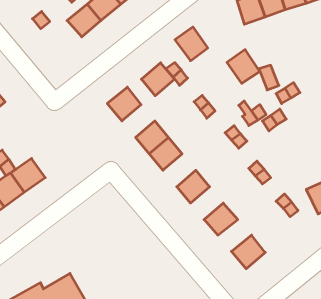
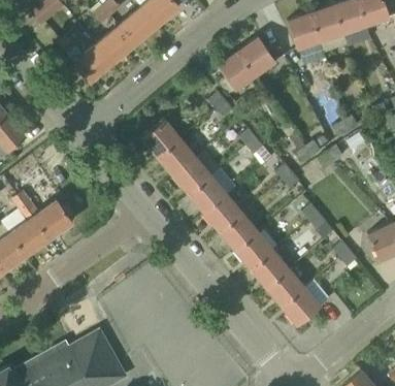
building: none -> [74,44,112,83]
building: [227,50,260,83] -> [238,37,275,75]
building: [141,63,174,96] -> [158,139,195,176]
building: none -> [204,195,241,232]
building: none -> [235,232,272,269]
building: none -> [266,269,304,305]

